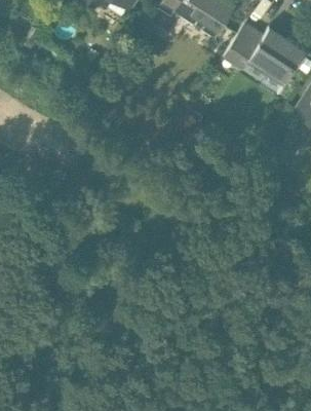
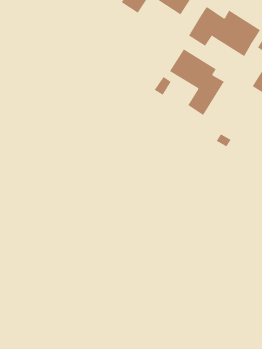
building: none -> [169,48,224,116]

